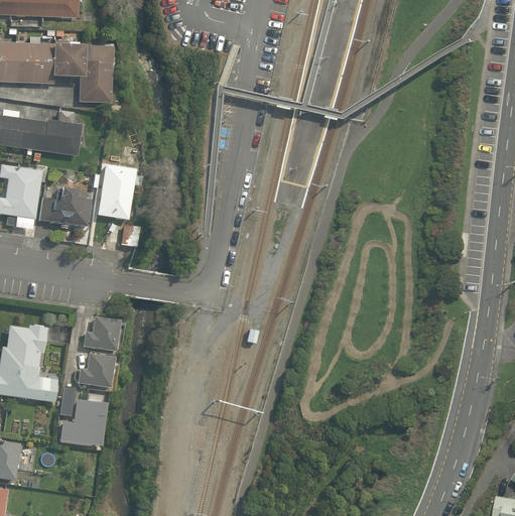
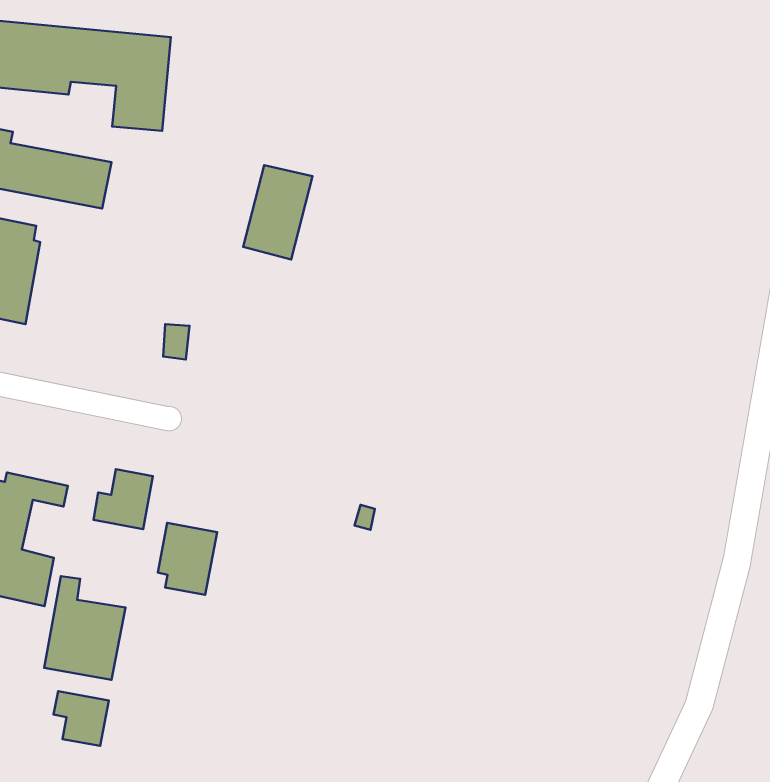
building: [96,163,136,221] -> [243,165,312,259]
building: [39,183,92,227] -> none
building: [77,351,112,394] -> [158,523,217,595]
building: none -> [53,691,109,746]

